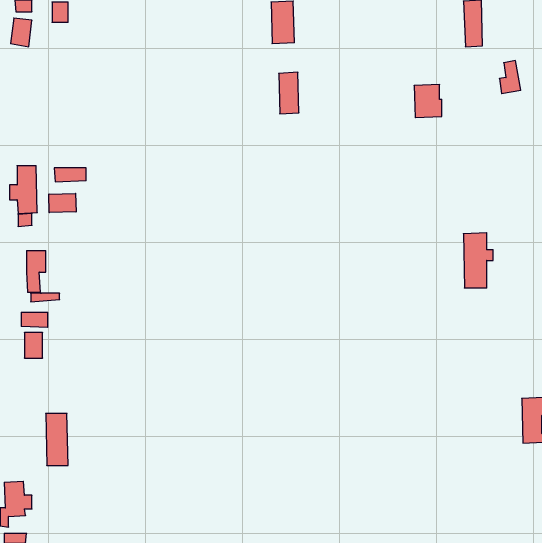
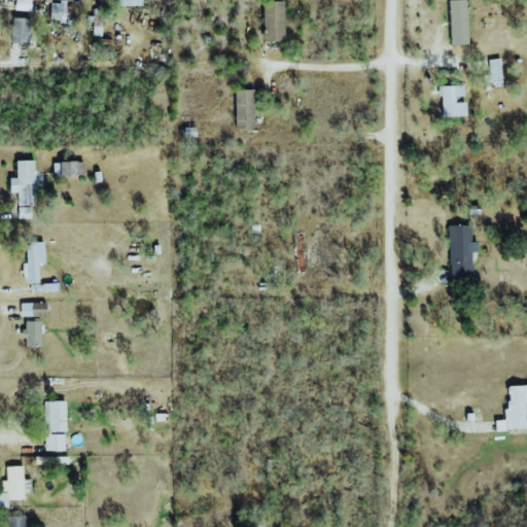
building: [279,72,299,114] -> [236,90,255,130]
building: [414,85,442,118] -> [441,85,467,117]
building: [49,193,76,213] -> none

